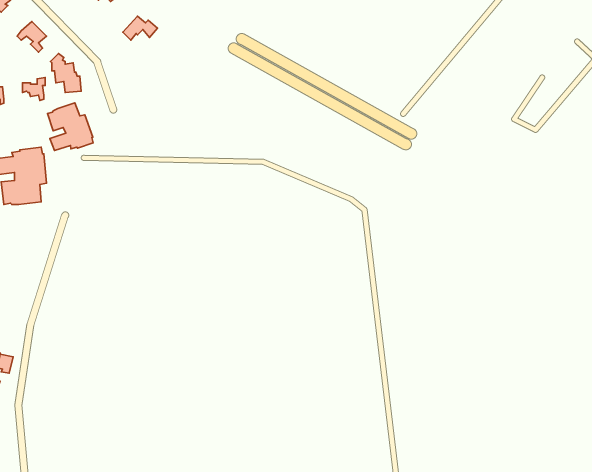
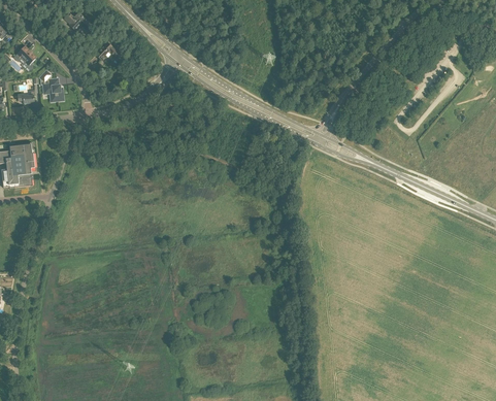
building: [48,103,93,151] -> none

